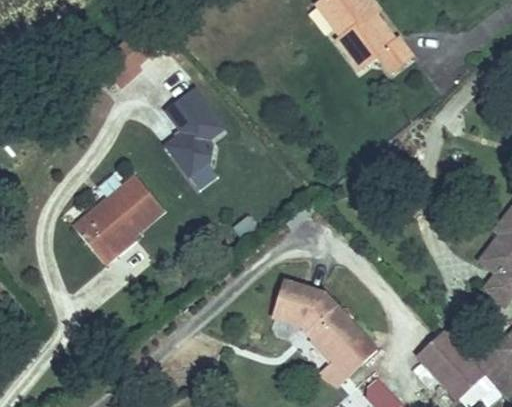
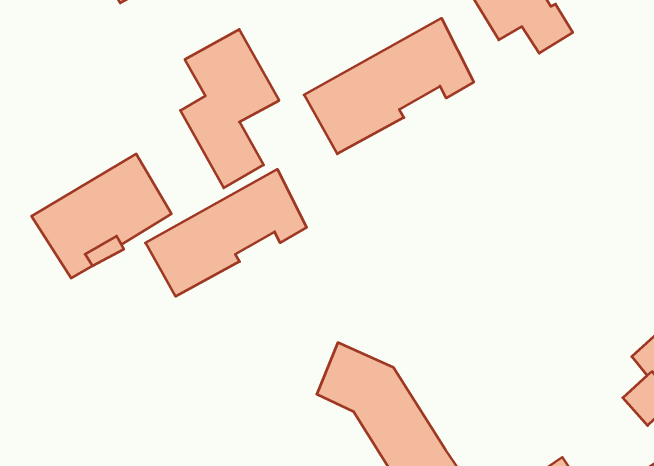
building: none -> [304,18,474,154]
building: none -> [145,169,307,296]

